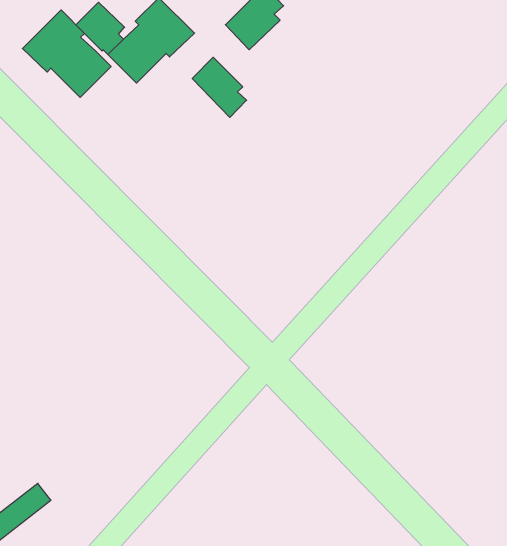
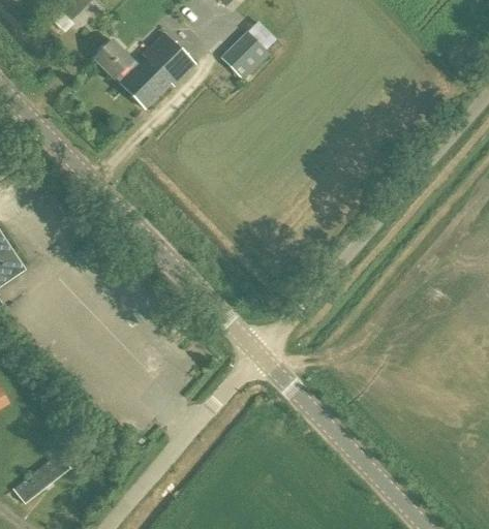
building: [22,10,111,97] -> none
building: [192,57,247,117] -> none

